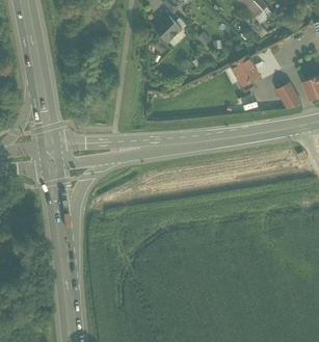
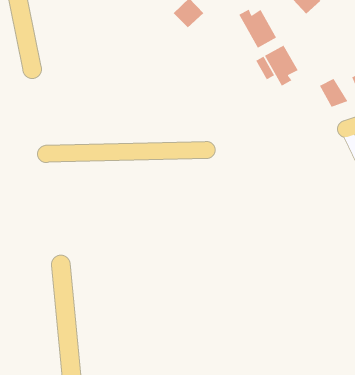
building: none -> [238,8,277,49]

